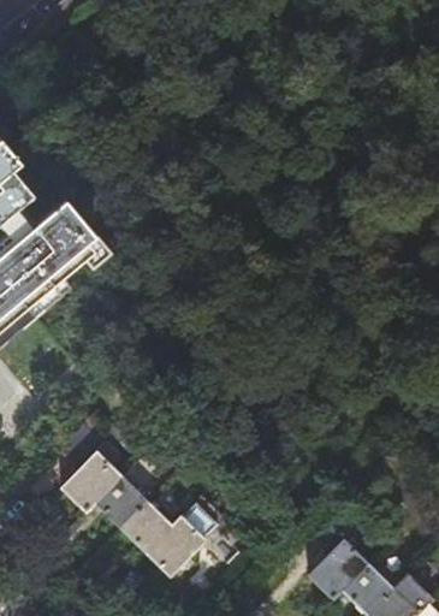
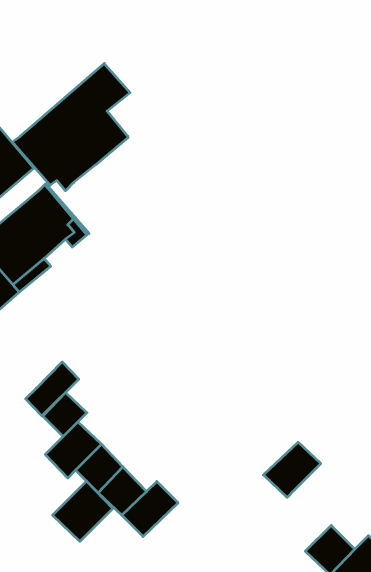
building: none -> [12,63,130,191]
building: none -> [26,362,79,416]
building: none -> [53,481,113,541]
building: [307,540,368,599] -> [263,442,321,497]

